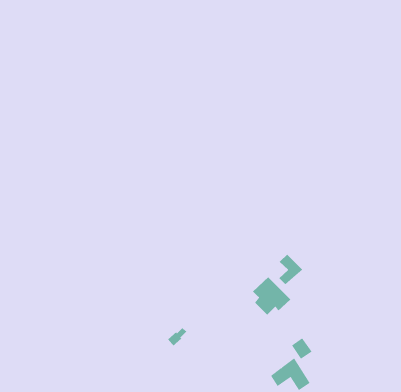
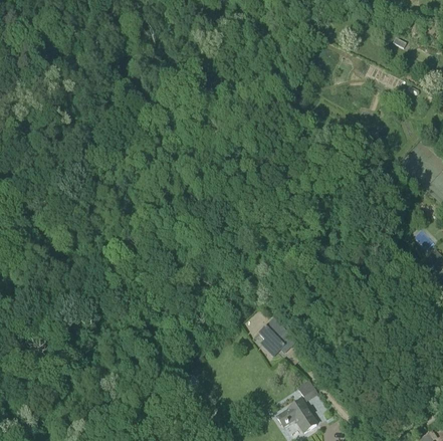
building: [278,254,303,285] -> none

